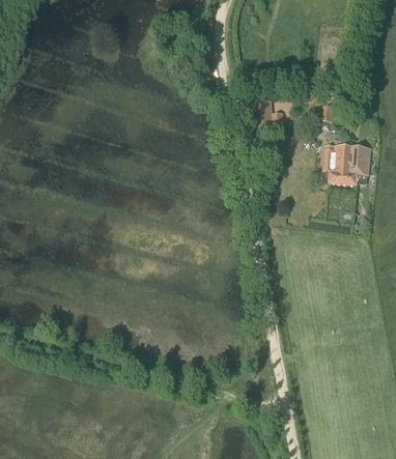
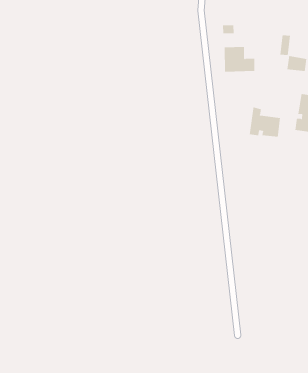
building: none -> [249,107,280,138]

